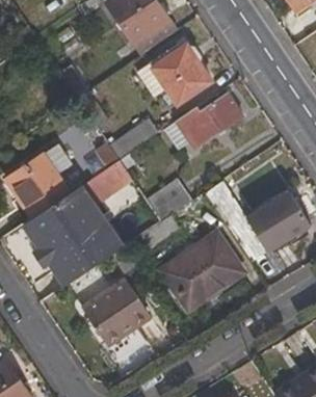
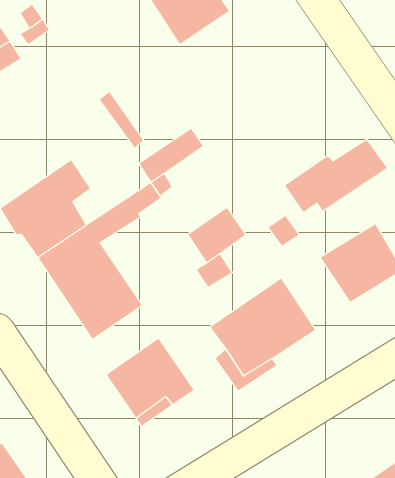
building: [152,44,212,104] -> none
building: [163,94,242,150] -> [284,139,388,213]

